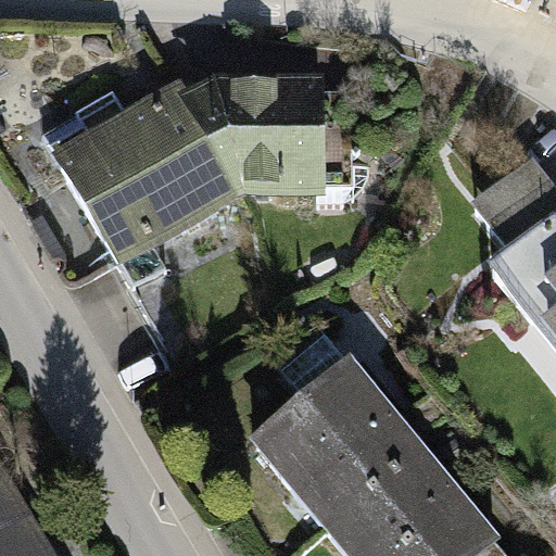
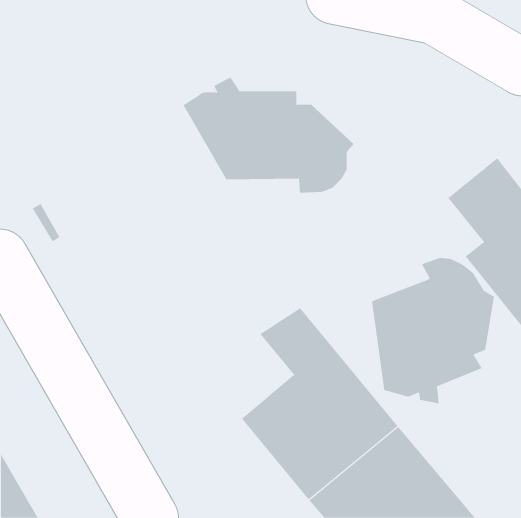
building: [47,96,241,290] -> none
building: none -> [372,257,495,404]

